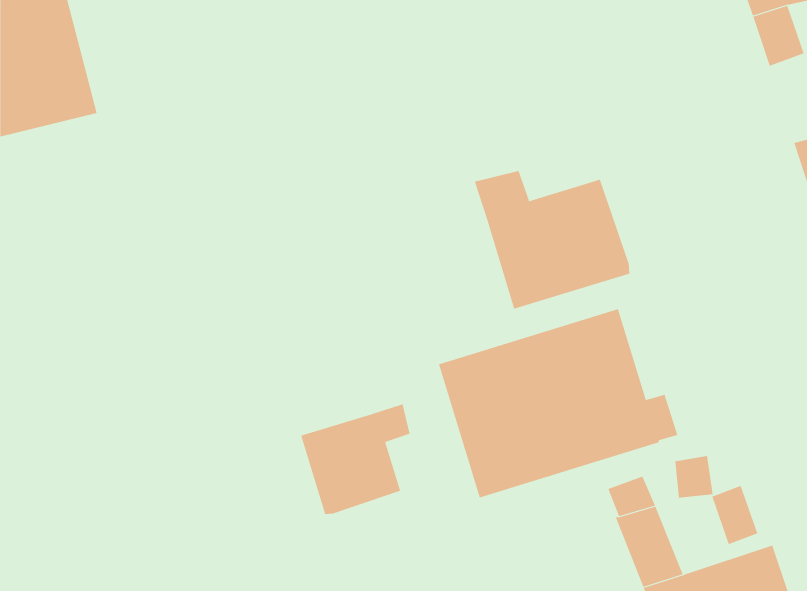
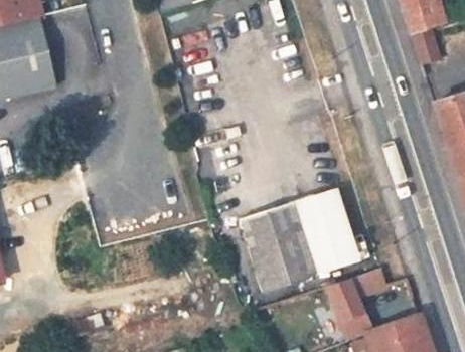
building: [474,170,630,310] -> none
building: [301,404,410,515] -> none

